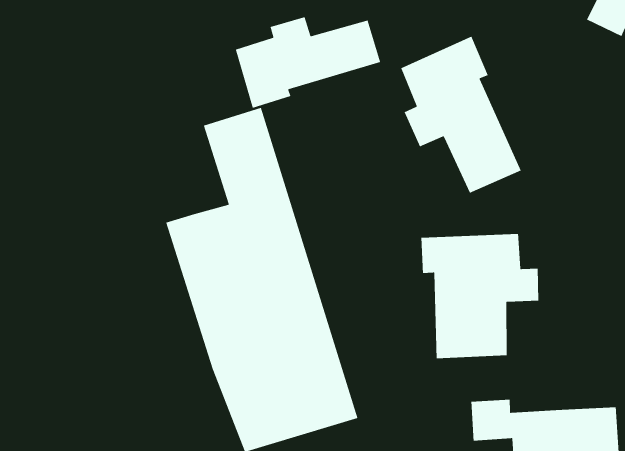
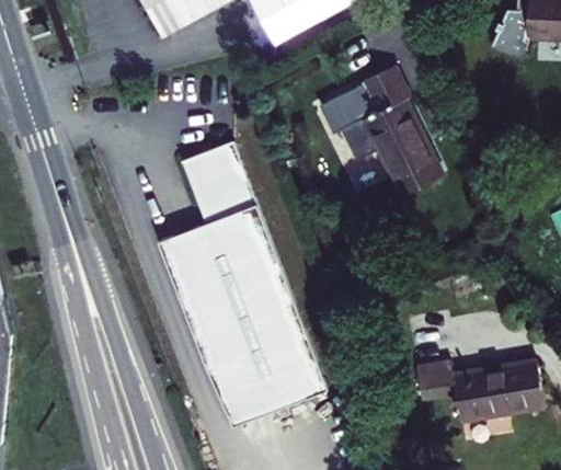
building: [235,16,381,109] -> none
building: [420,233,539,359] -> none

